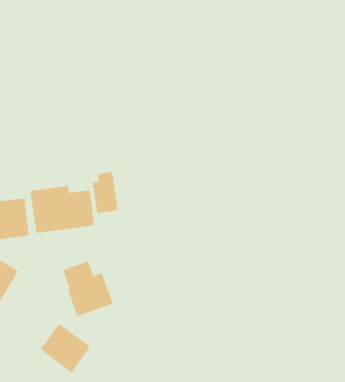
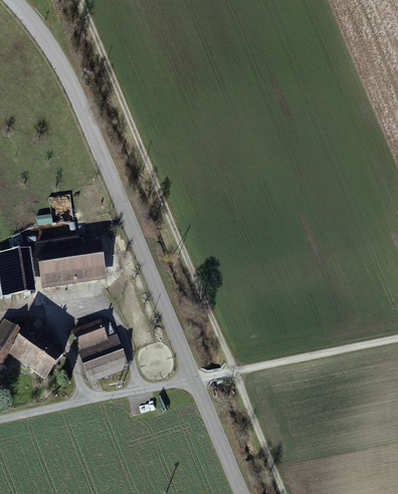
building: [92,171,118,214] -> none
building: [40,323,91,373] -> [11,326,68,383]

